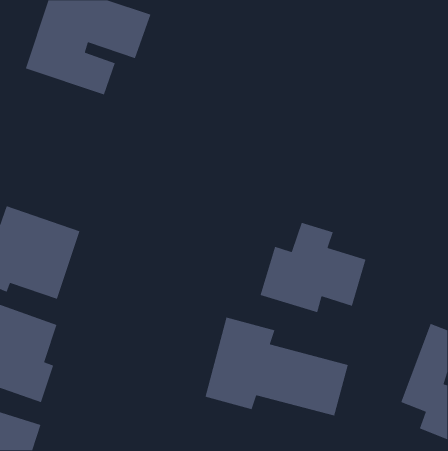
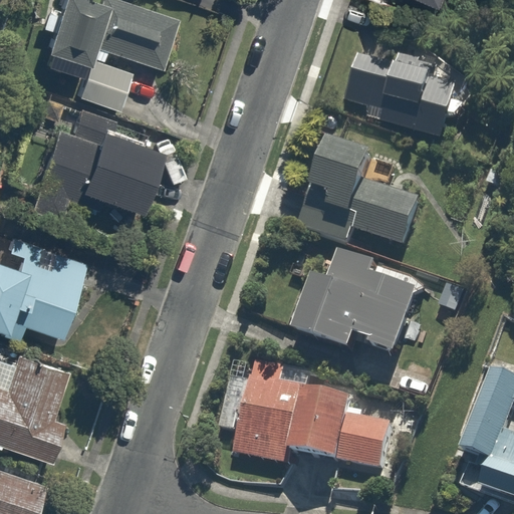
building: none -> [342,56,467,148]
building: none -> [26,104,168,216]
building: none -> [298,131,417,252]

